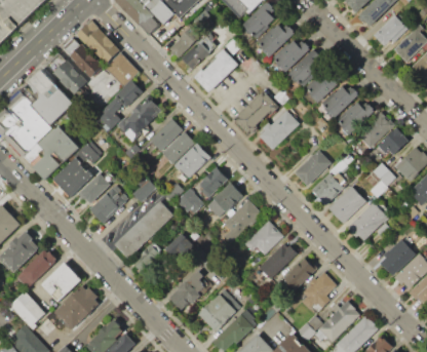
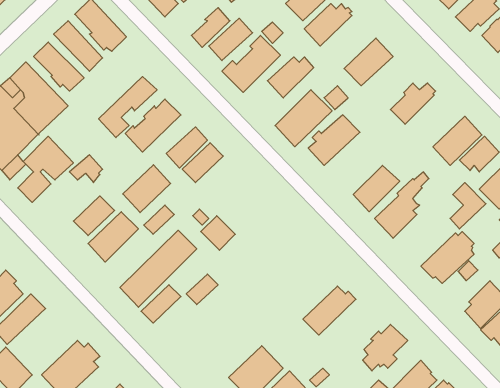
building: [273,40,309,72] -> [267,57,314,98]
building: [105,52,135,84] -> none
building: [306,66,342,103] -> none
building: [339,102,375,133] -> none
building: [173,142,210,179] -> [123,165,171,213]
building: [54,158,92,196] -> none
building: [199,166,227,195] -> none
building: [214,182,242,210] -> none
building: [327,185,365,223] -> none
building: [224,198,261,235] -> none
building: [248,220,283,255] -> none
building: [282,258,315,290] -> none
building: [41,262,81,302] -> none
building: [164,271,210,310] -> none

